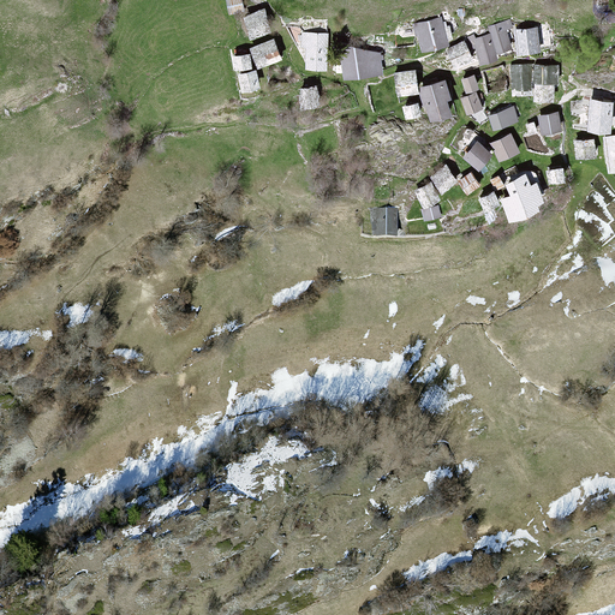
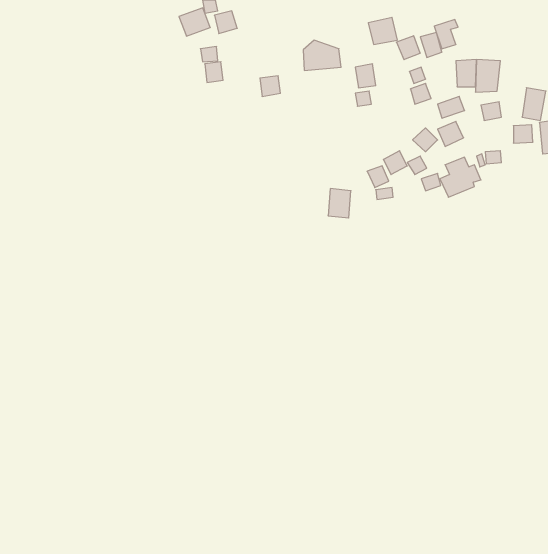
building: [515,28,538,55] -> none
building: [303,30,330,70] -> none
building: [247,37,282,68] -> [179,8,210,36]
building: [426,82,456,124] -> none

